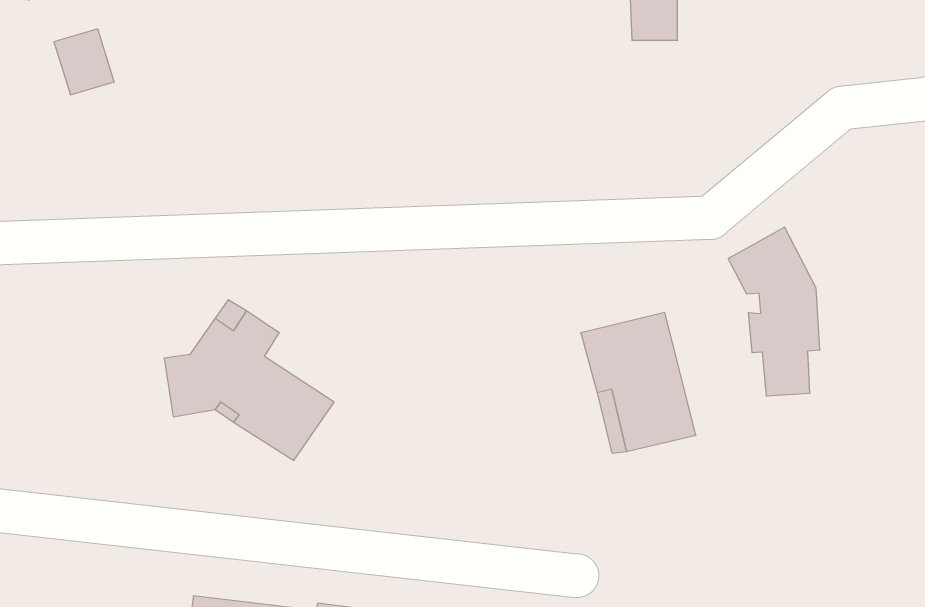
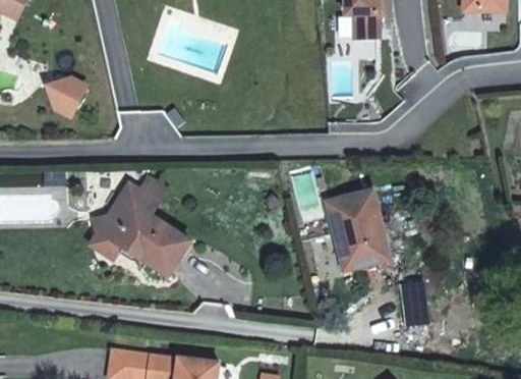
building: [54,29,114,95] -> [50,78,83,115]
building: [728,227,820,396] -> none

